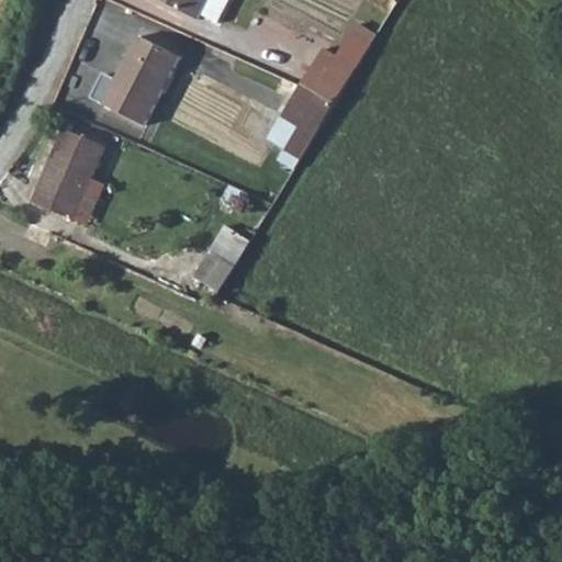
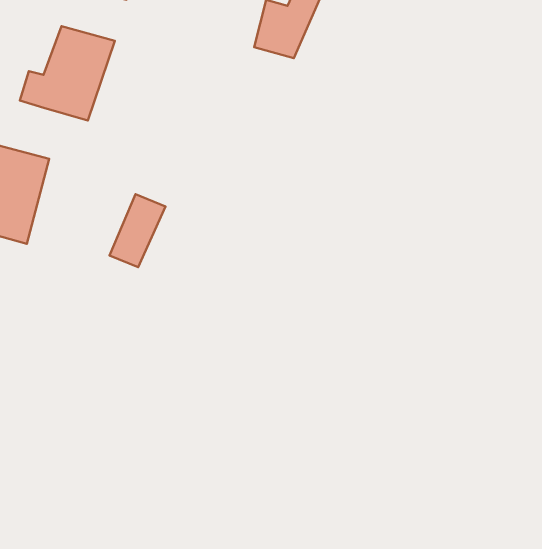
building: [285,83,333,156] -> none
building: [193,225,249,289] -> [109,194,166,267]

